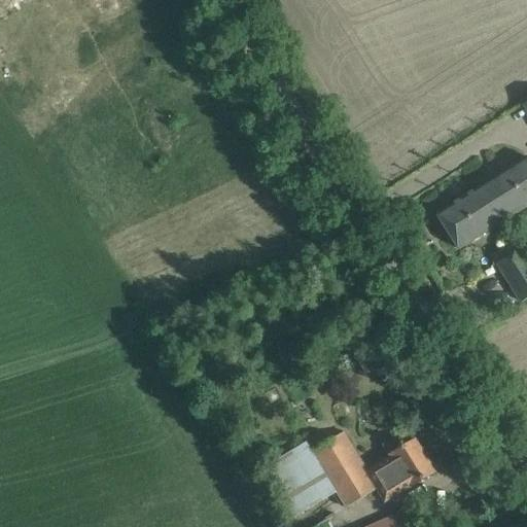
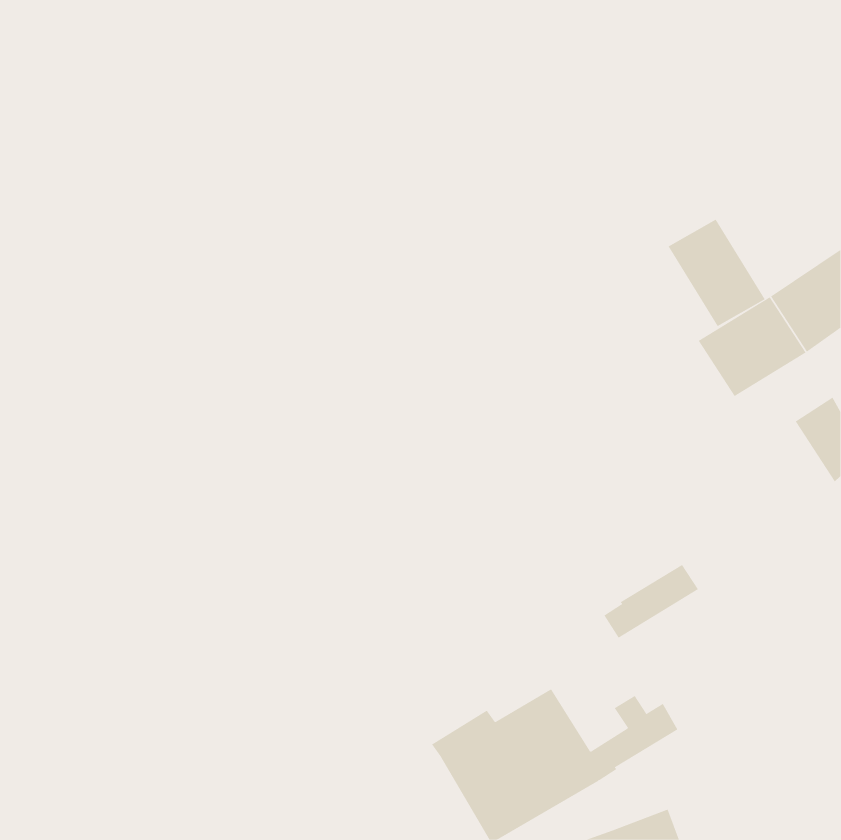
building: none -> [668,219,765,327]
building: [375,456,434,502] -> [603,564,699,638]

